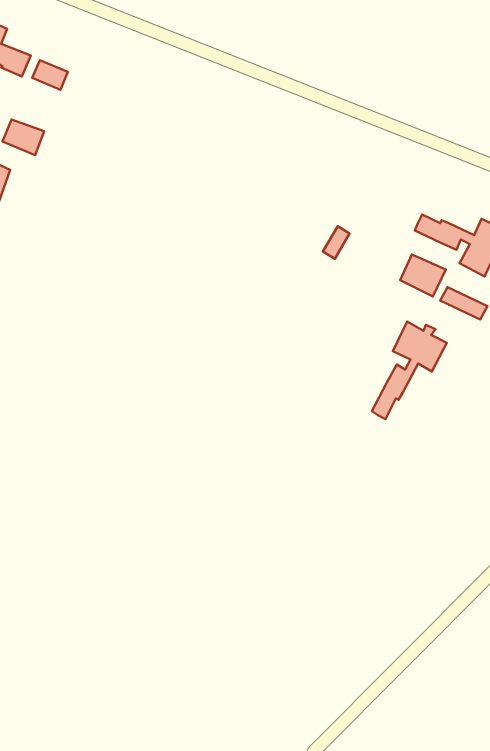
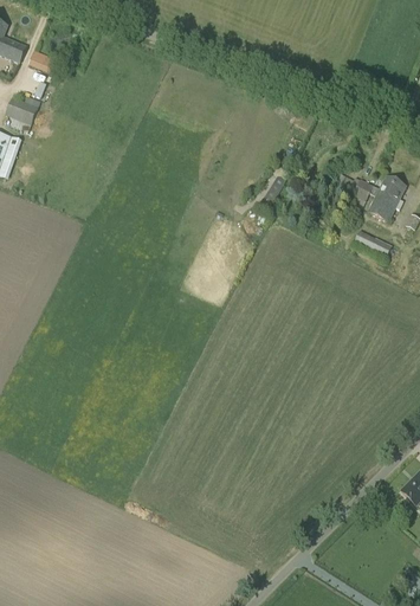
building: [400,255,446,296] -> none
building: [372,321,447,419] -> none

